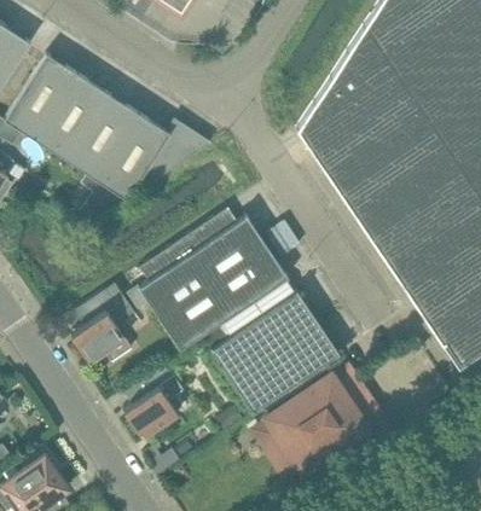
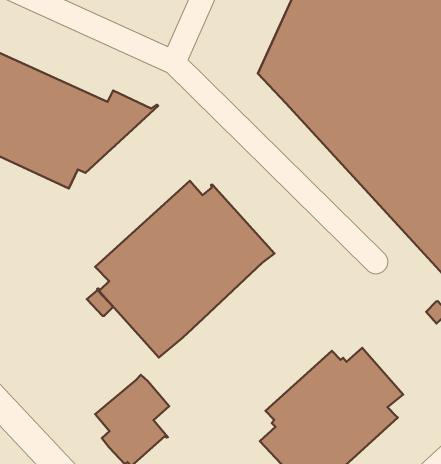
building: [71,284,135,361] -> none
building: [203,291,341,413] -> none

